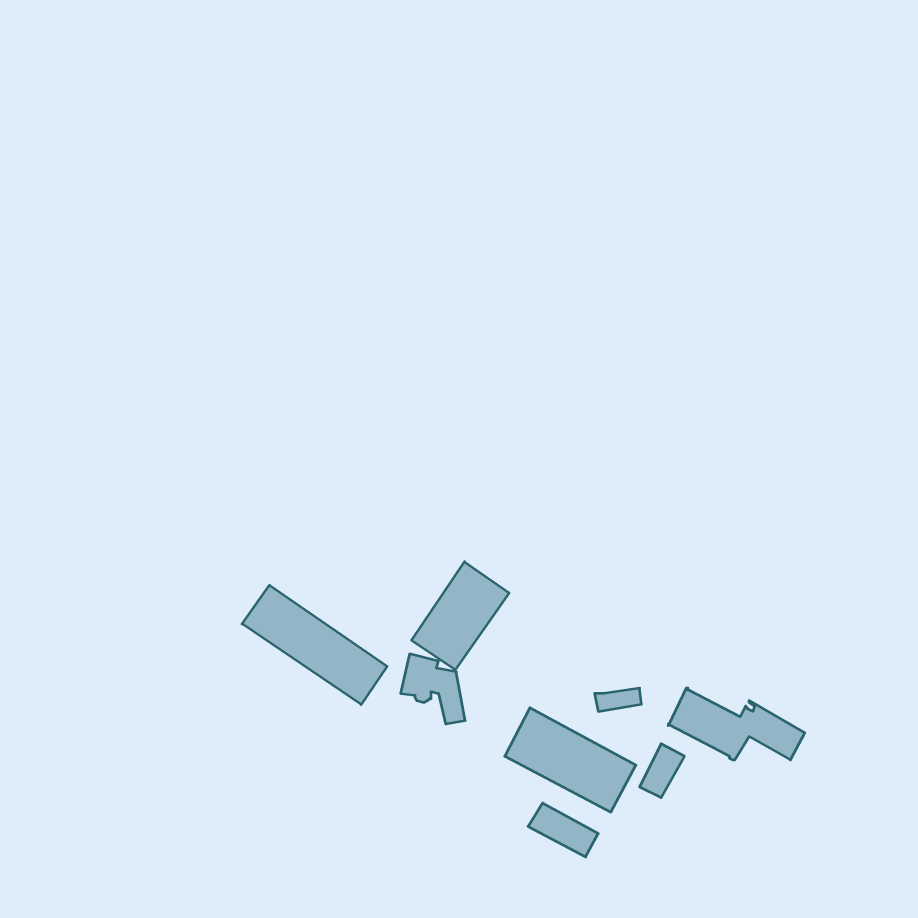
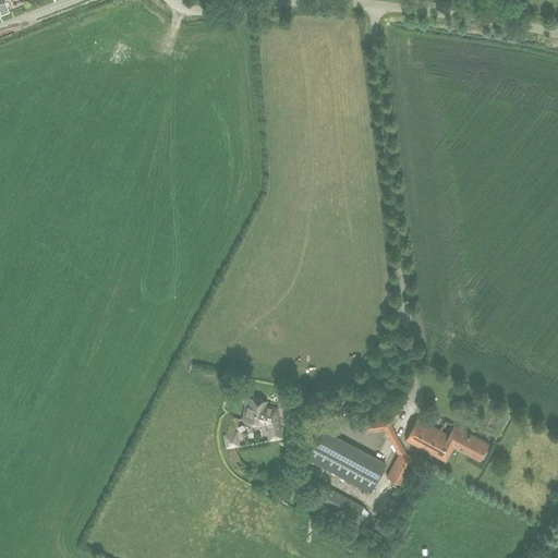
building: [412,562,509,670] -> none
building: [242,585,387,705] -> none

